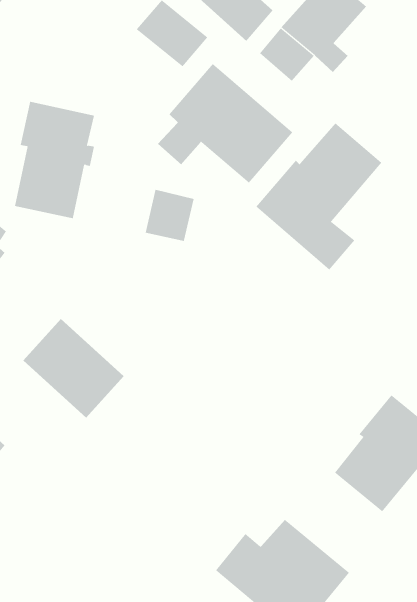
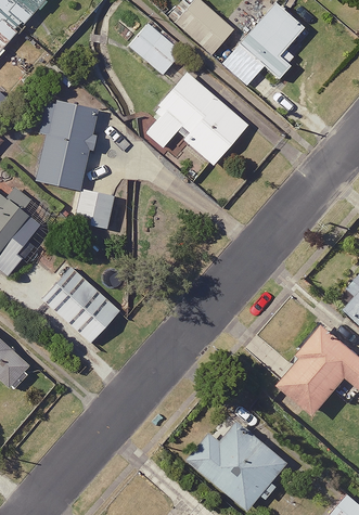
building: [256,123,382,271] -> none
building: [145,189,195,241] -> [75,189,113,229]

